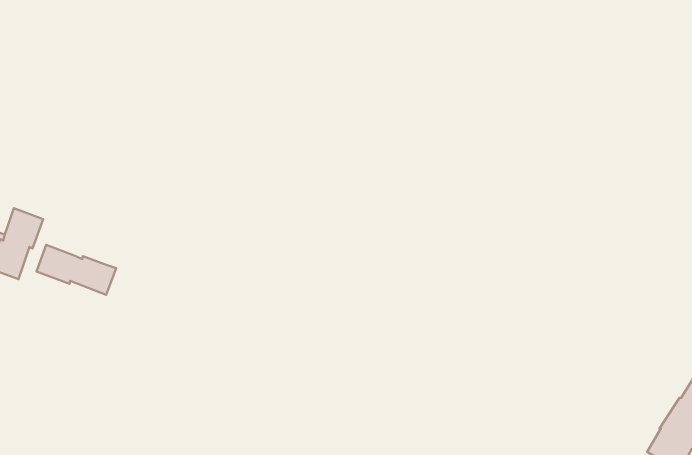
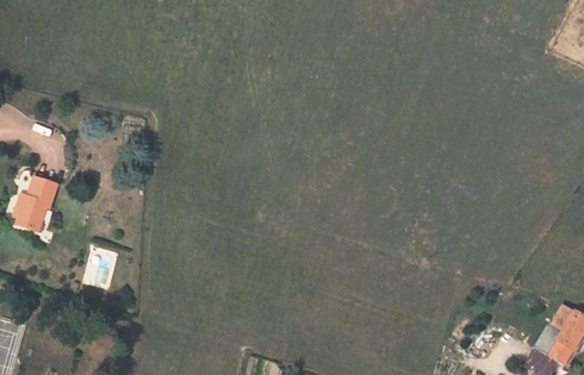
building: [37,245,116,295] -> none

